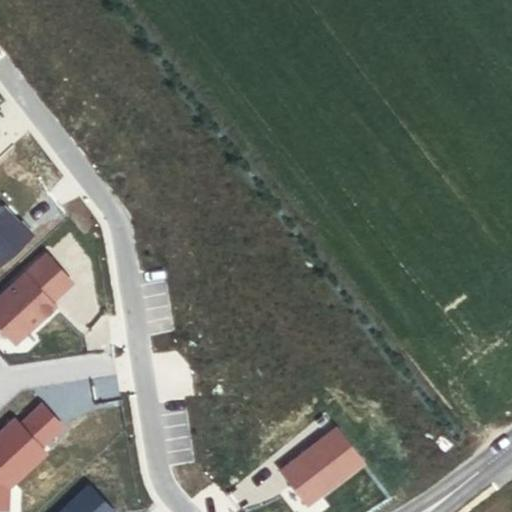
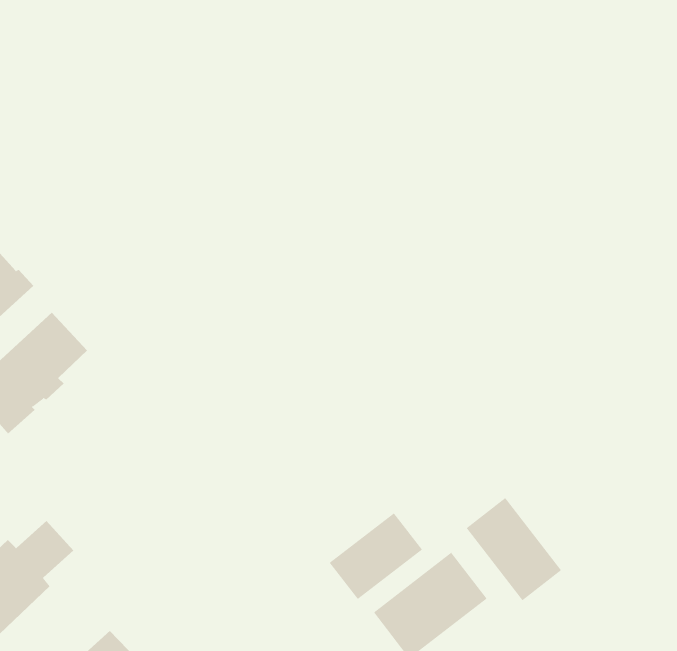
building: none -> [466,497,562,601]
building: none -> [329,512,423,600]

